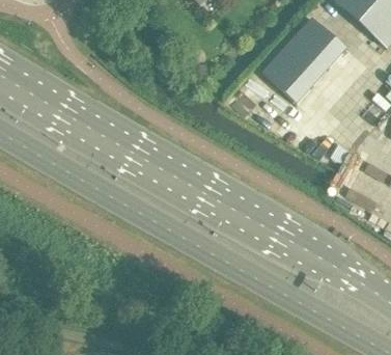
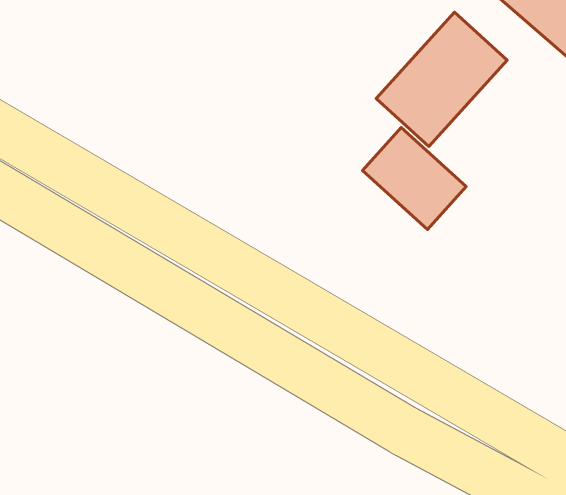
building: none -> [362,128,466,230]

